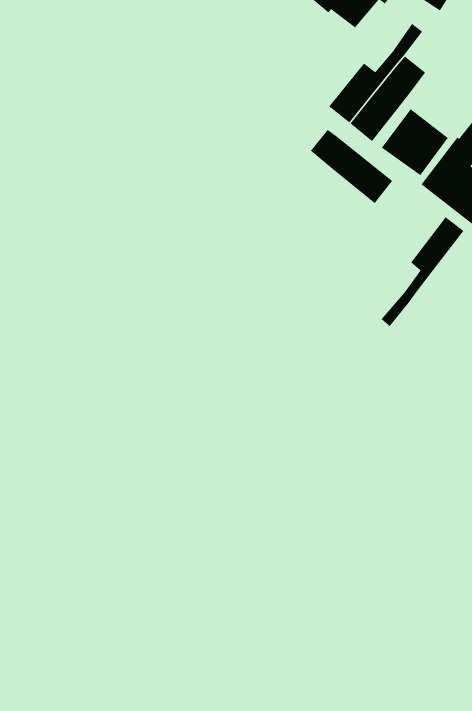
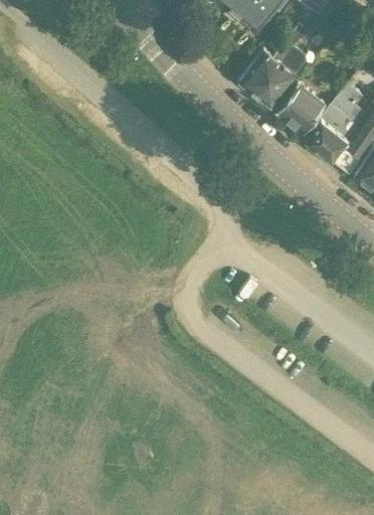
building: [310,129,393,204] -> none
building: [380,216,464,327] -> none

